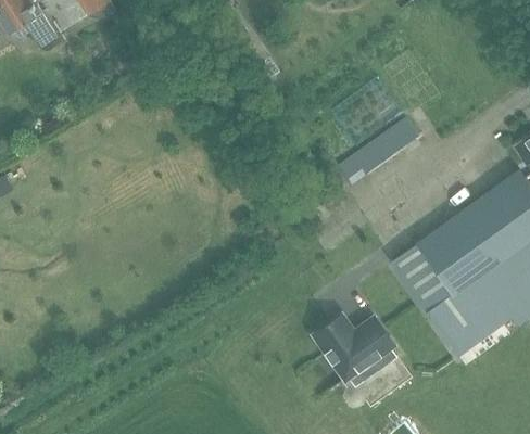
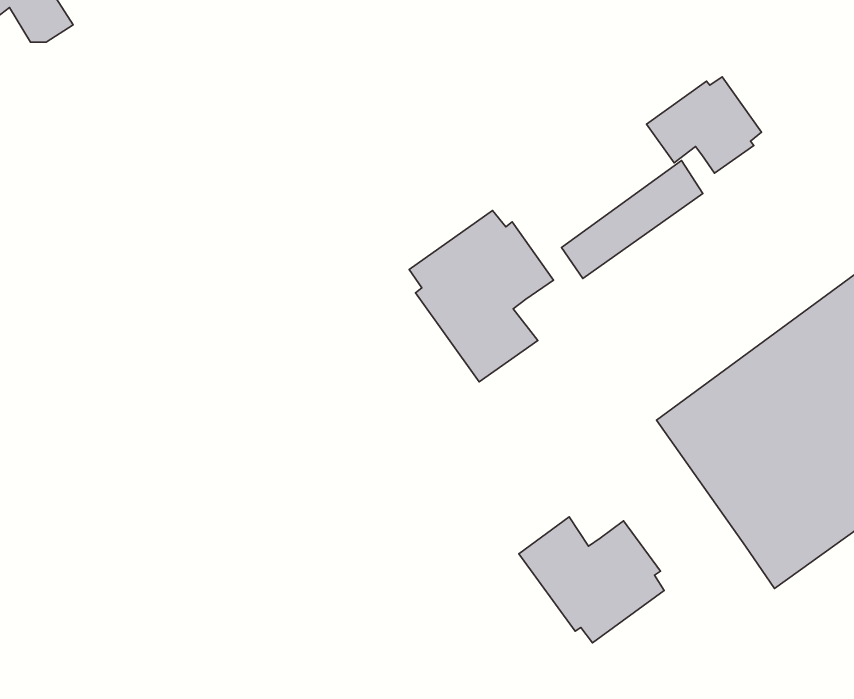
building: none -> [646,77,761,173]
building: none -> [409,211,553,382]

